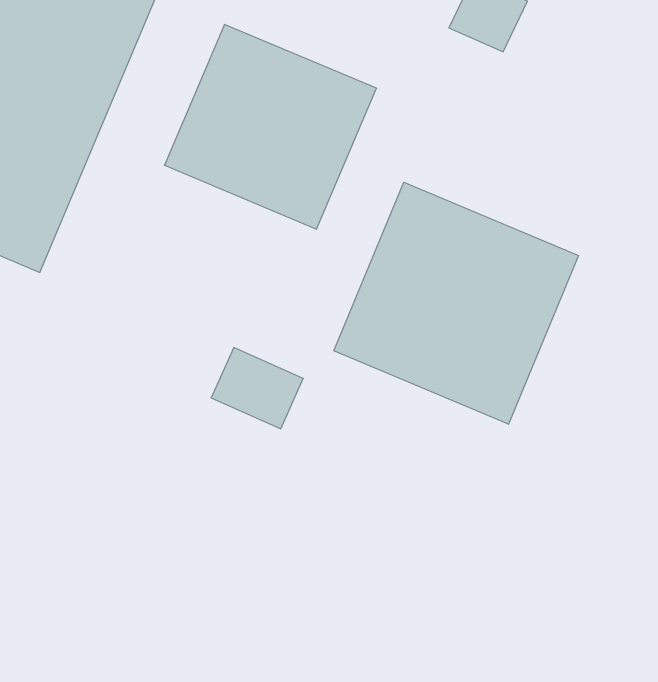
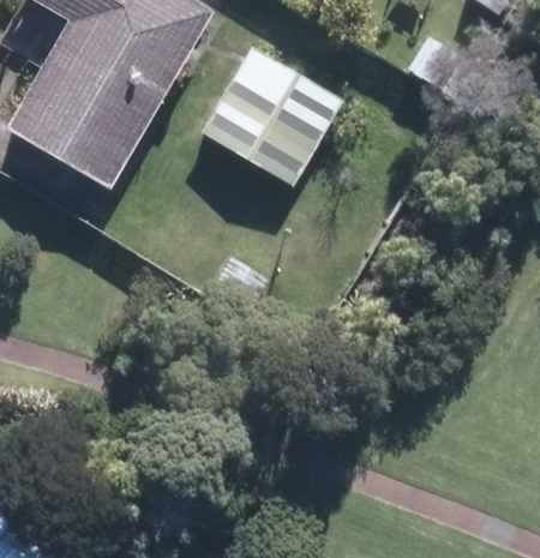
building: [334,182,578,424] -> none

